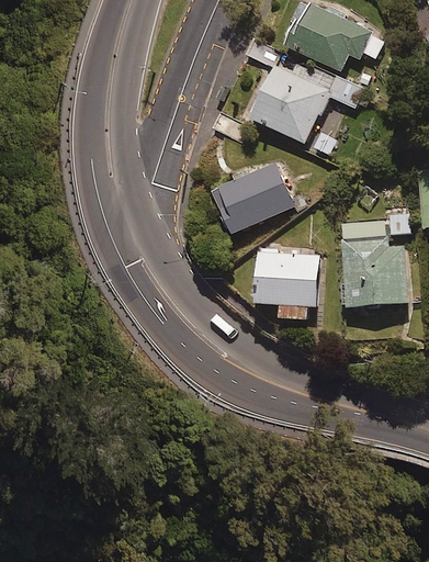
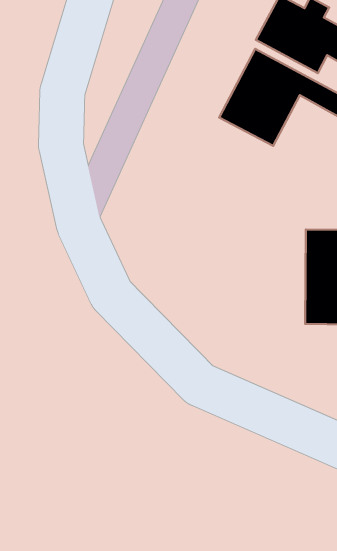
building: [210,161,294,236] -> none
building: [257,245,318,321] -> none

